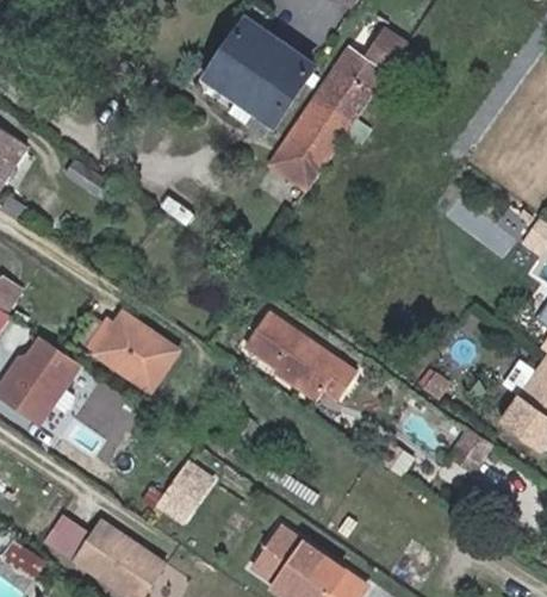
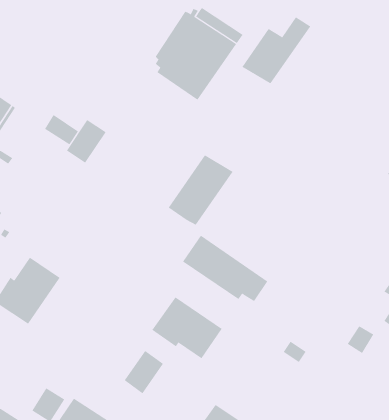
building: [272,92,358,185] -> [168,154,234,226]
building: none -> [66,119,106,163]
building: [89,310,173,386] -> none
building: none -> [151,296,223,359]

